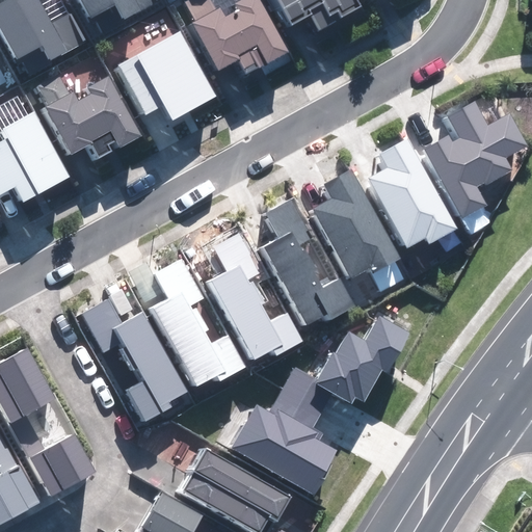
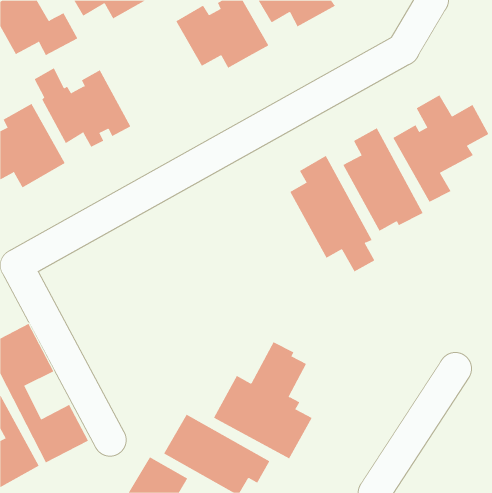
building: [115,30,216,122] -> none
building: [262,197,354,326] -> none
building: [209,233,301,362] -> none
building: [152,258,244,387] -> none
building: [81,298,188,422] -> none
building: [315,316,408,403] -> none

